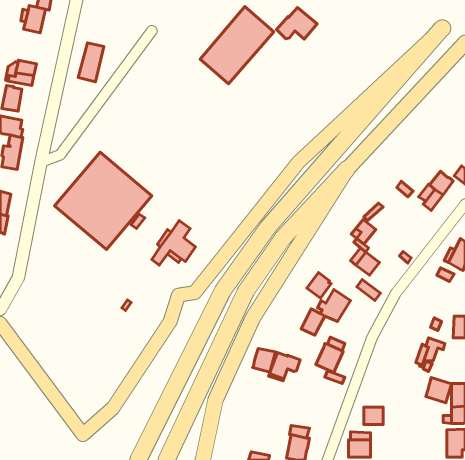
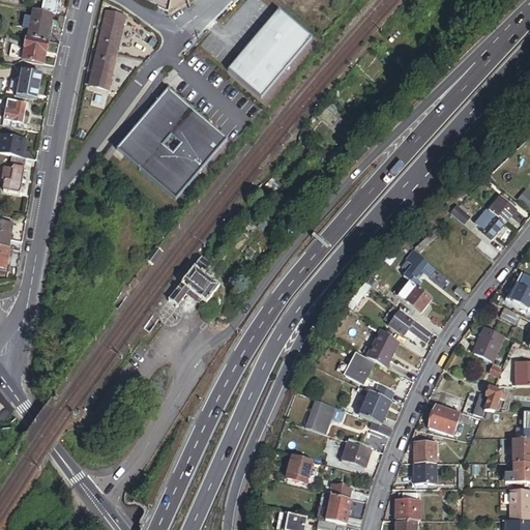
building: [276,7,317,39] -> none
building: none -> [99,11,127,53]
building: none -> [23,33,48,61]
building: [55,152,152,249] -> [115,87,226,198]
building: [307,273,331,298] -> [384,305,412,334]
building: none -> [473,325,503,360]
building: [253,348,275,372] -> [286,455,312,482]
building: [426,377,451,403] -> [429,405,458,434]
building: none -> [414,441,436,463]
building: none -> [345,442,371,467]

